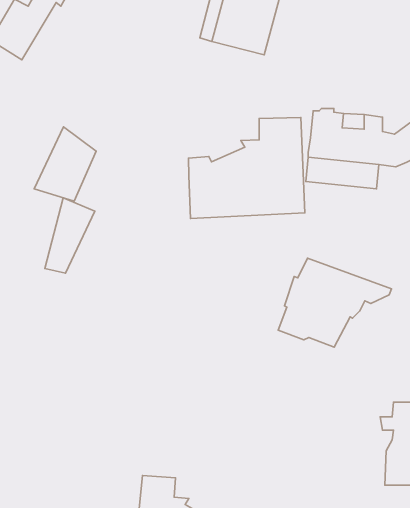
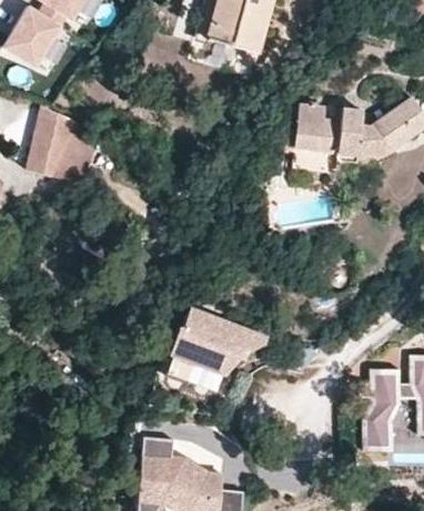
building: [189,118,305,219] -> none
building: [45,198,95,273] -> [28,106,73,175]
building: [278,258,392,347] -> [165,308,269,389]

